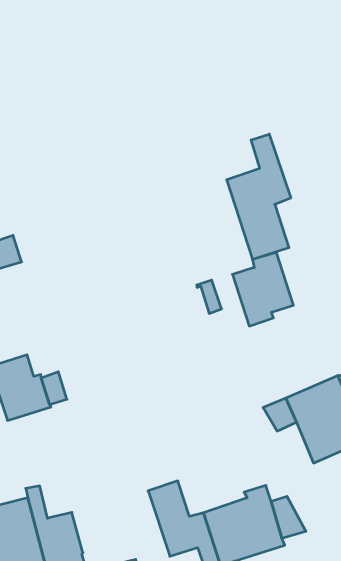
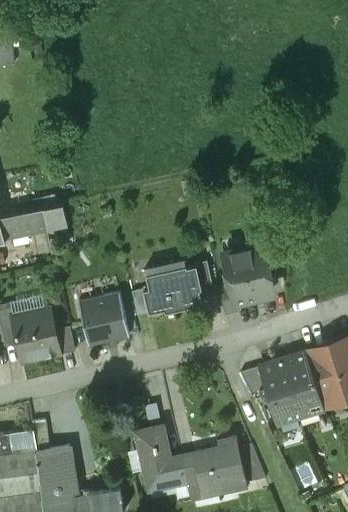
building: [227,134,291,259] -> none
building: none -> [42,203,67,230]
building: none -> [135,265,199,319]
building: none -> [78,292,129,345]

